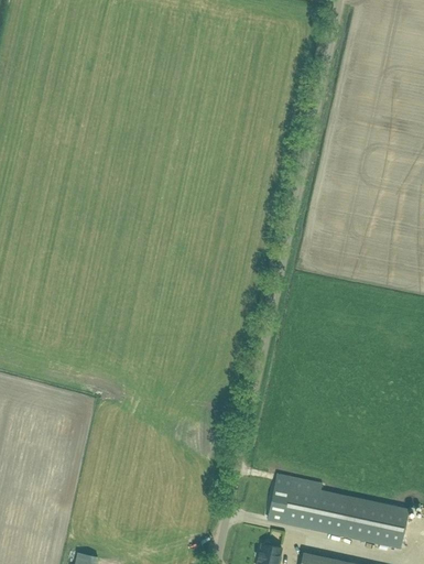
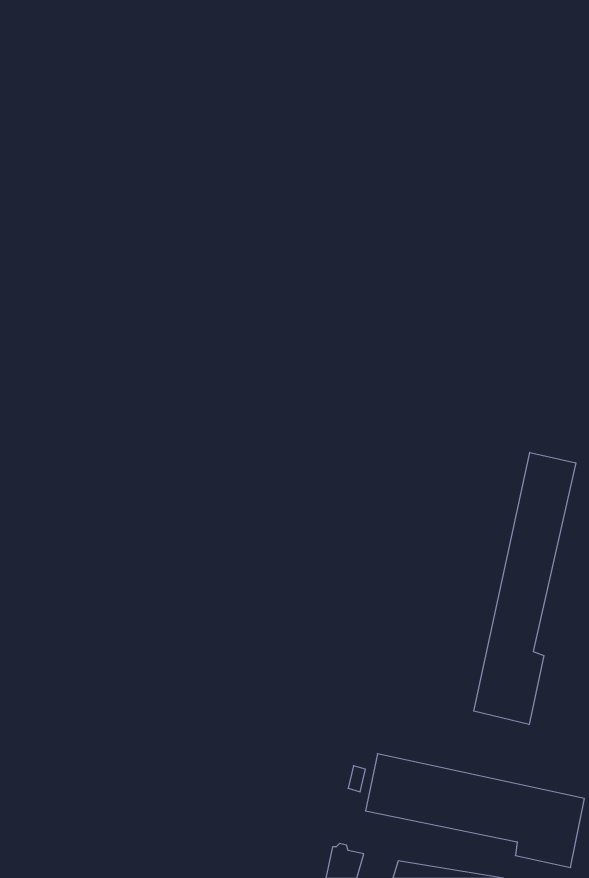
building: none -> [474,452,576,725]

